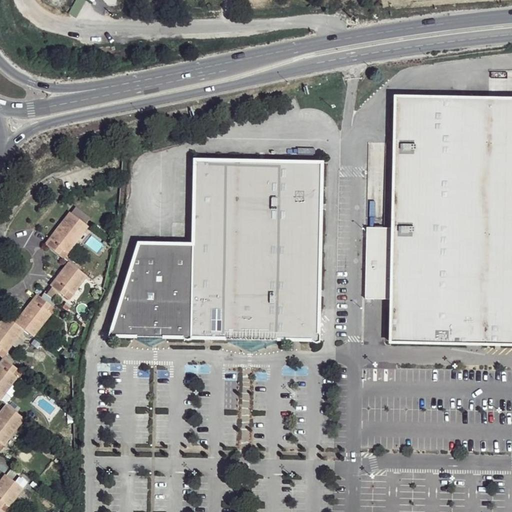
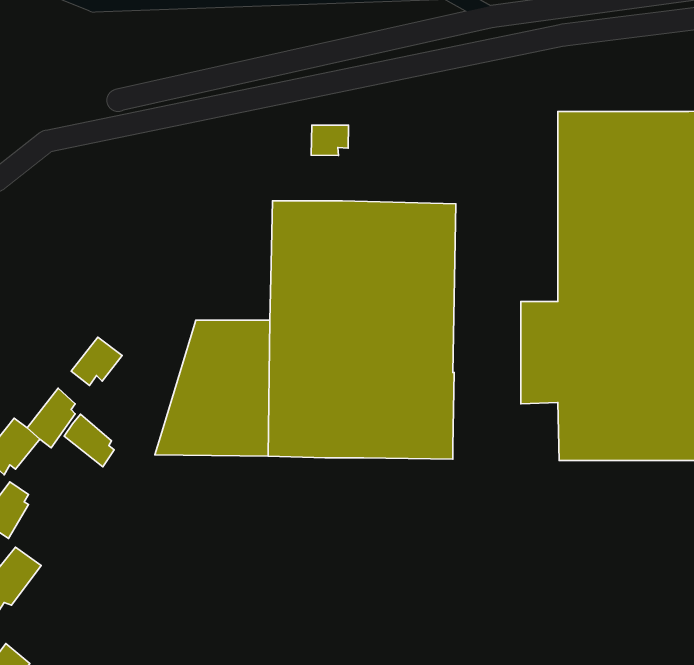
building: none -> [311,125,348,155]
building: [47,204,87,246] -> none
building: none -> [64,414,114,467]

